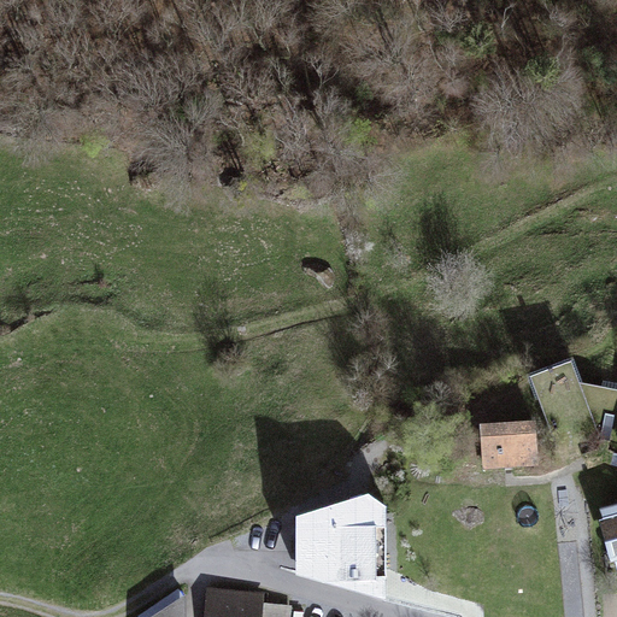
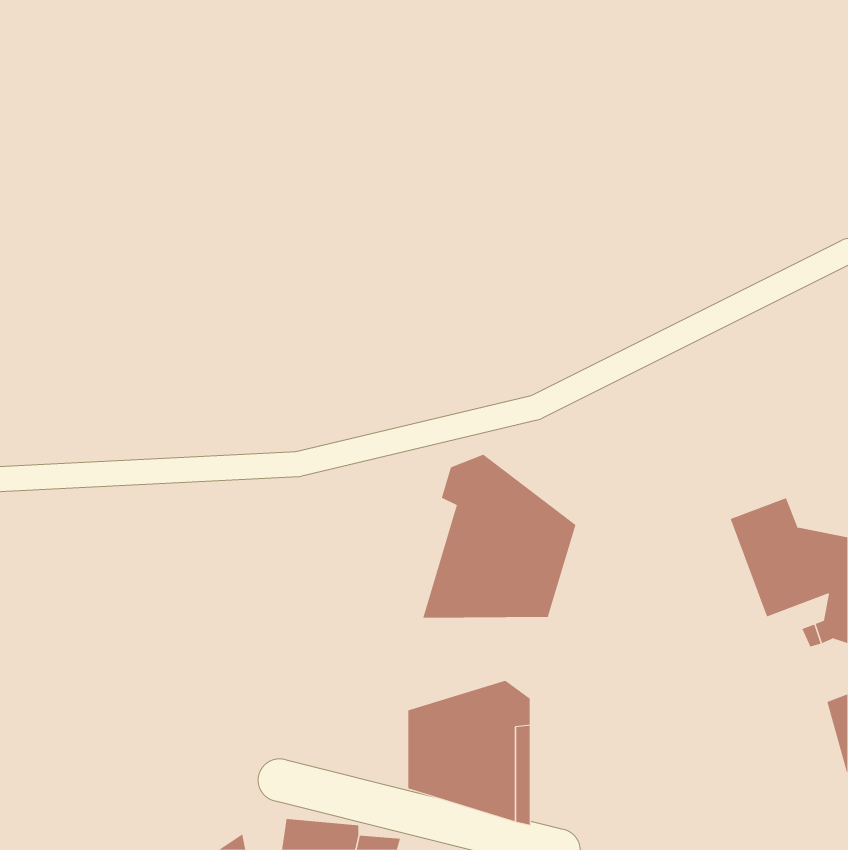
building: none -> [422,454,576,618]
building: [481,422,535,466] -> none

